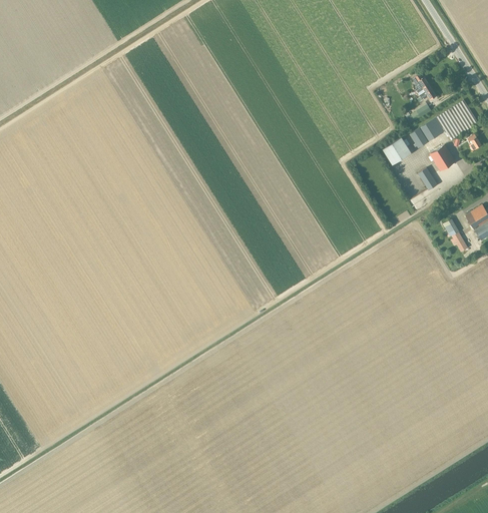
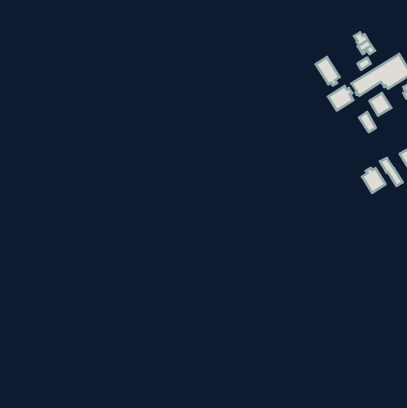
building: none -> [316,57,340,85]
building: none -> [362,168,385,193]

